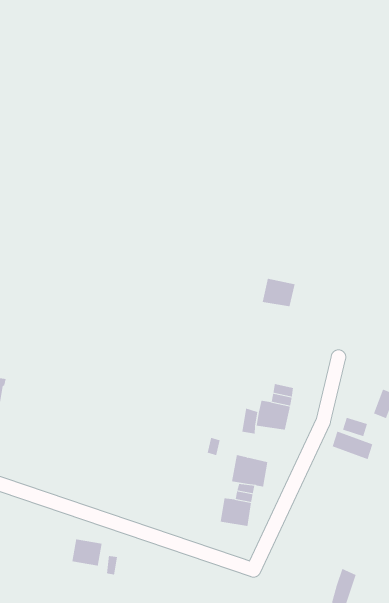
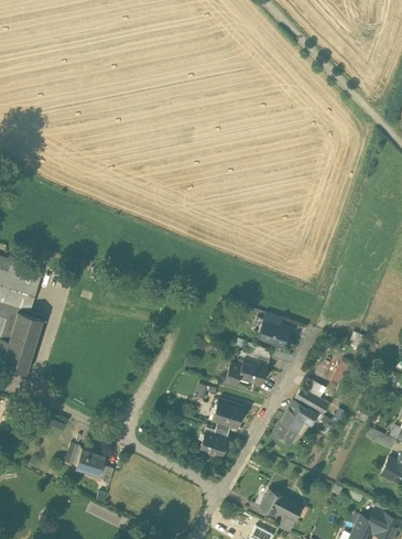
building: [262,278,296,307] -> [260,322,289,347]
building: none -> [275,403,309,443]
building: none -> [260,491,291,516]

